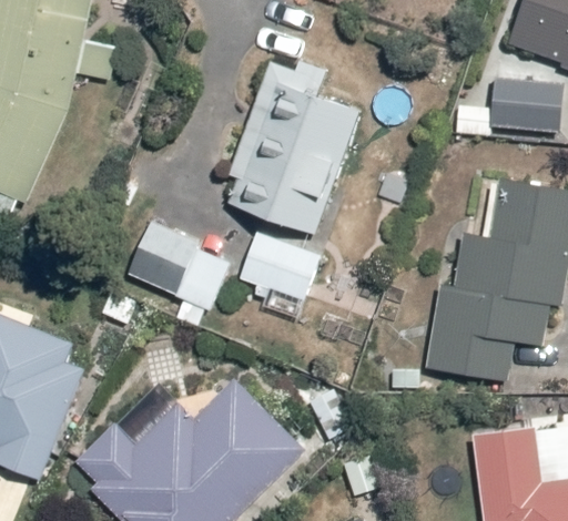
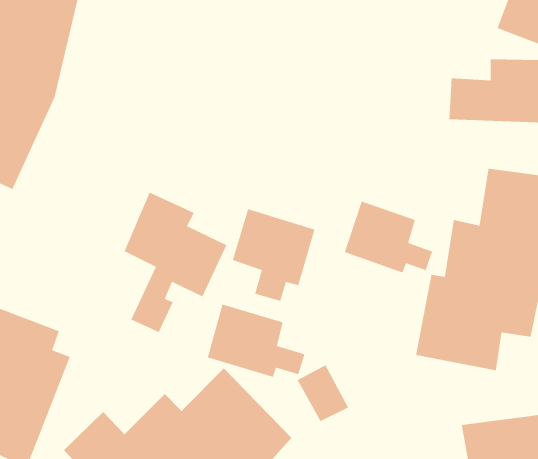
building: [227,81,358,236] -> none
building: none -> [344,201,433,273]
building: none -> [207,304,305,378]

